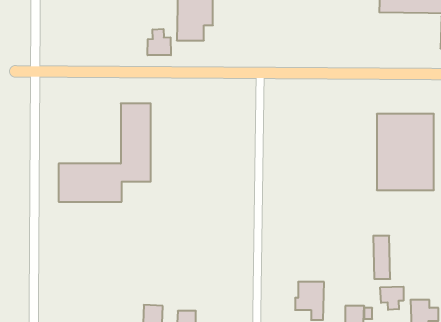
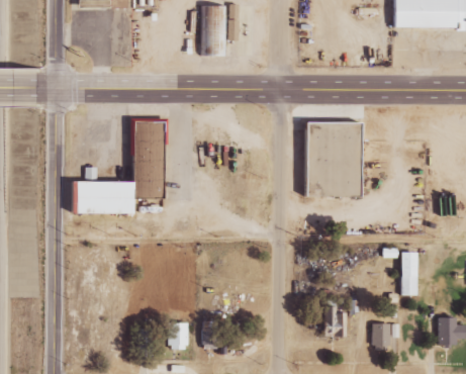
building: [148,29,171,55] -> none
building: [377,114,434,190] -> [309,119,367,196]
building: [380,287,403,310] -> none

